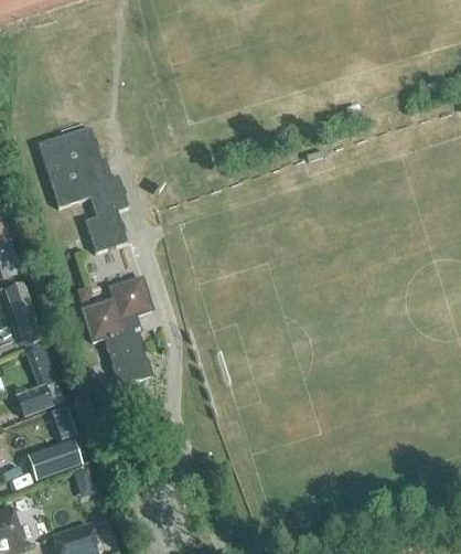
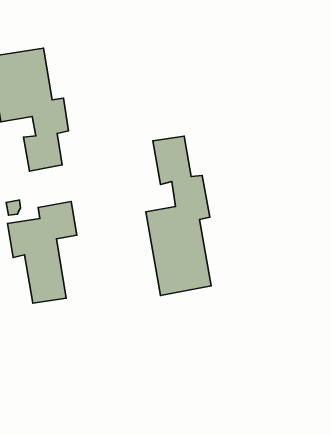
building: none -> [146,136,211,296]

